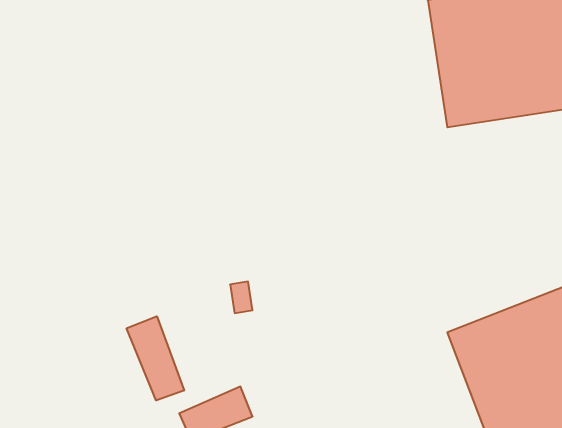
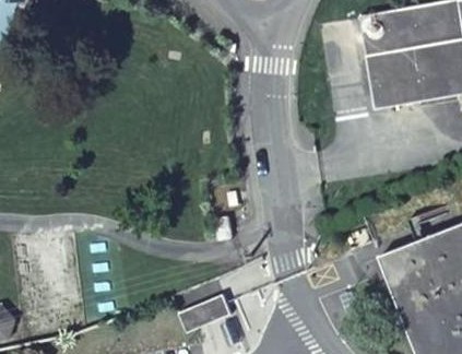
building: [127,316,184,400] -> none

